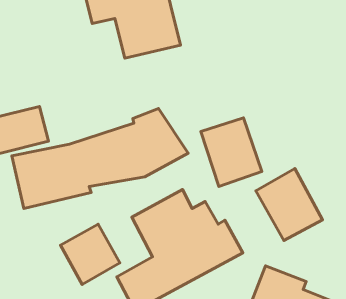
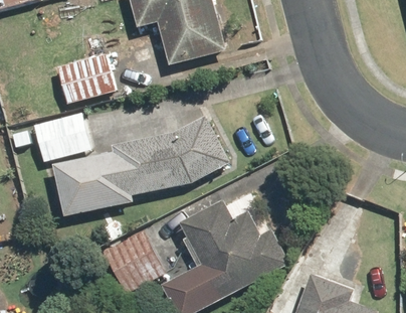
building: none -> [54,54,114,104]
building: [201,118,262,187] -> none
building: [256,168,323,241] -> none

